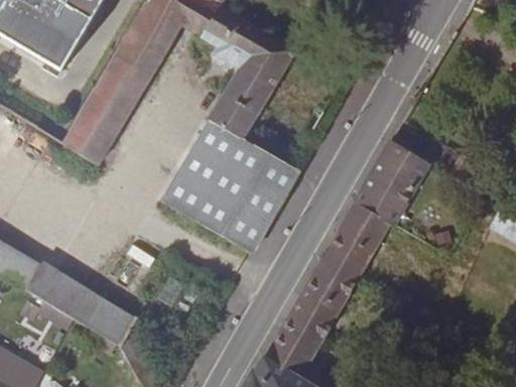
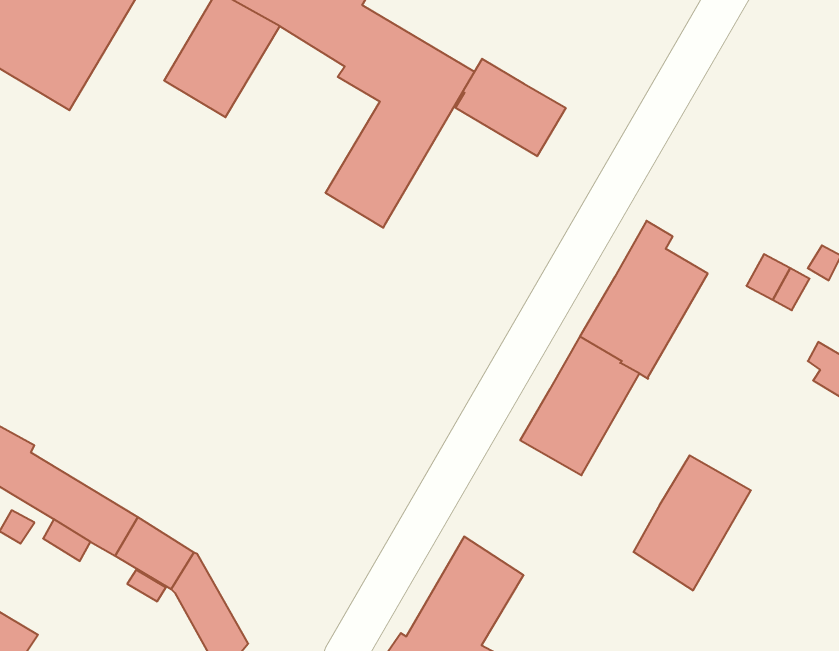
building: none -> [455,59,566,156]
building: [62,53,151,164] -> none
building: [159,118,298,252] -> none
building: [288,260,356,338] -> [633,455,751,590]

